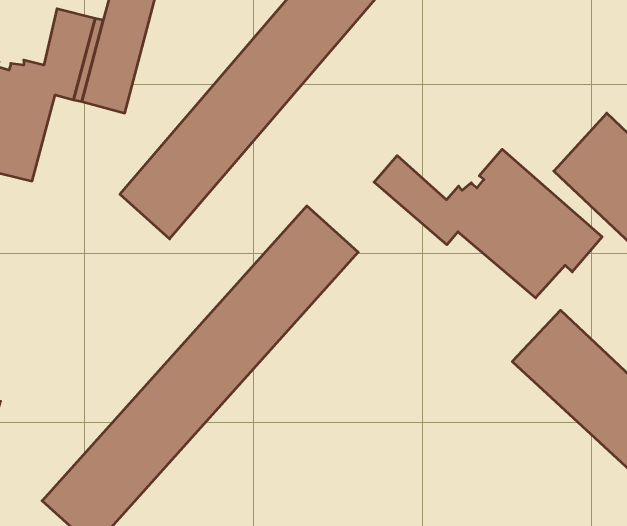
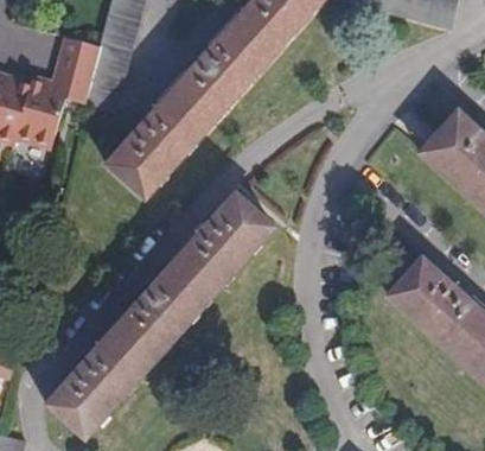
building: [374,149,602,298] -> none

